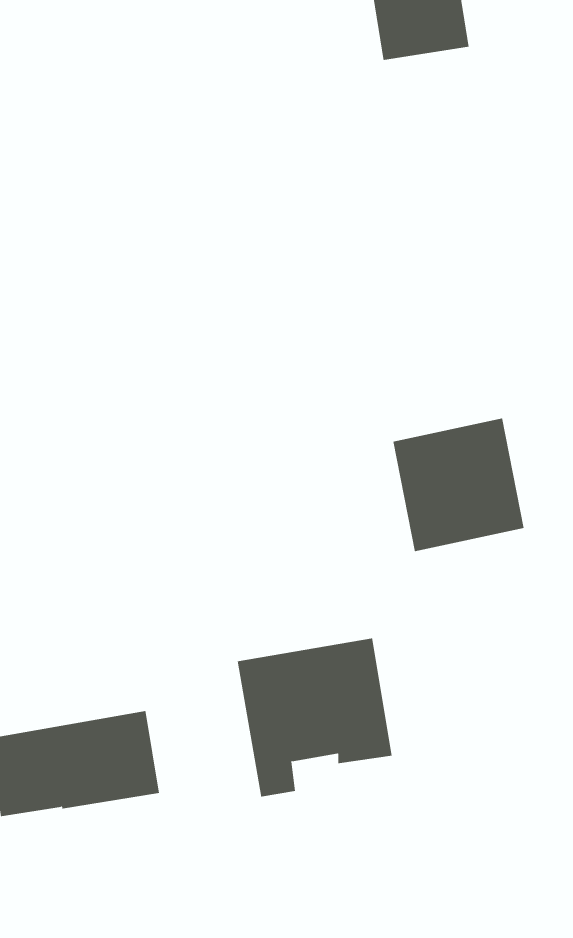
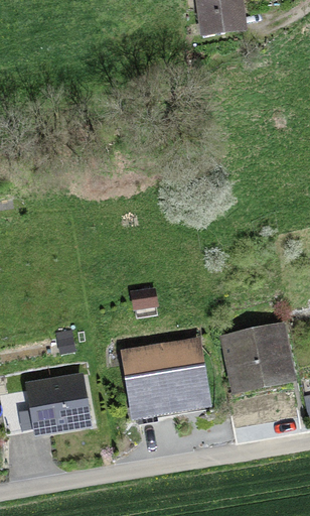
building: [393,418,525,552] -> [226,321,294,390]

